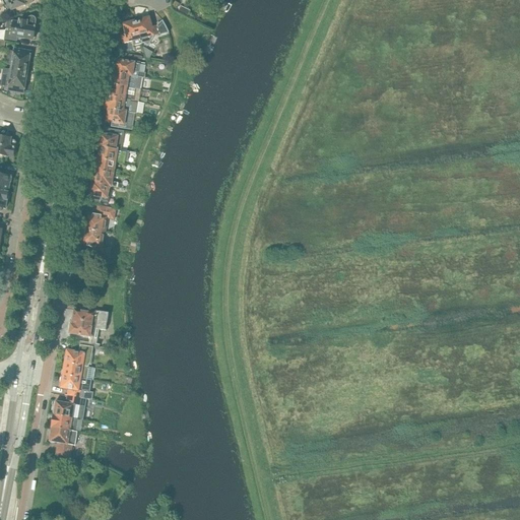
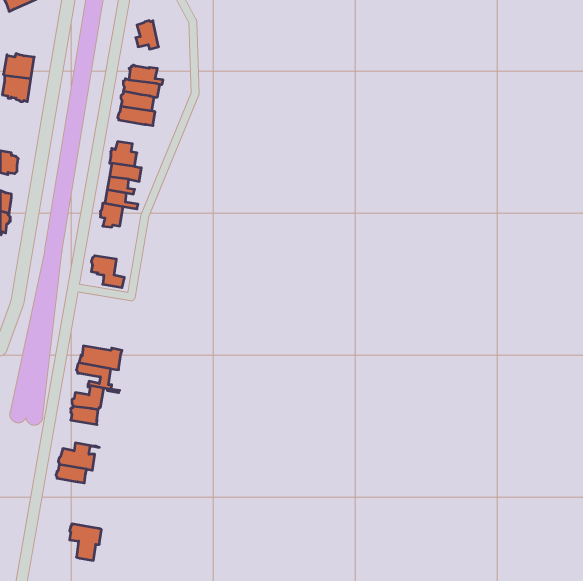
building: [5,14,36,38] -> none
building: [136,15,169,44] -> none
building: [106,107,136,127] -> none
building: [83,204,115,231] -> none
building: [61,374,93,398] -> none
building: [49,426,77,458] -> [70,524,101,560]

